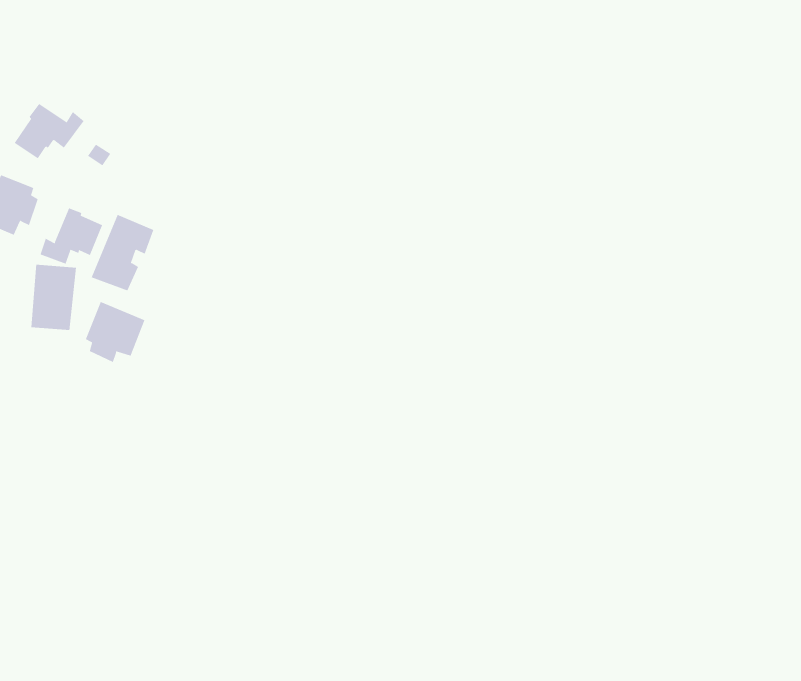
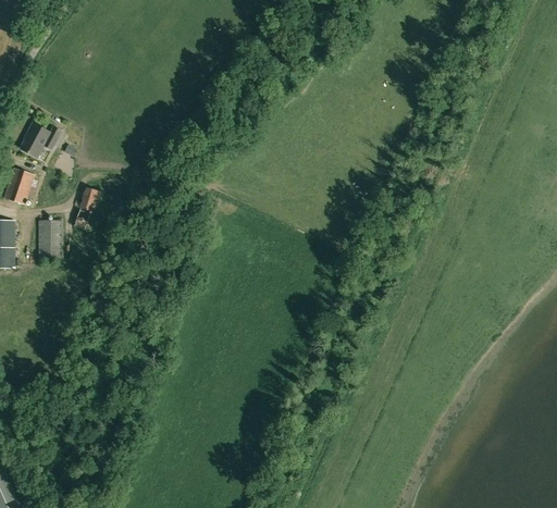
building: [40,207,103,265] -> none
building: [85,301,145,363] -> none

